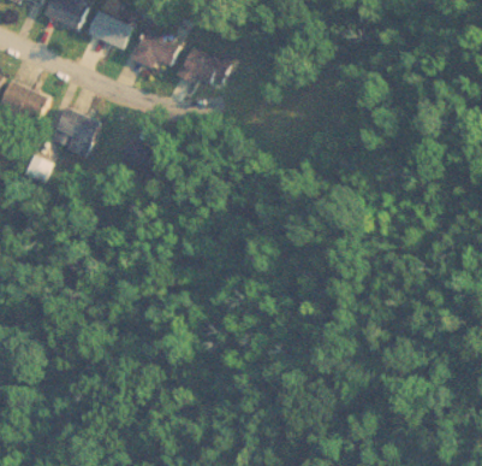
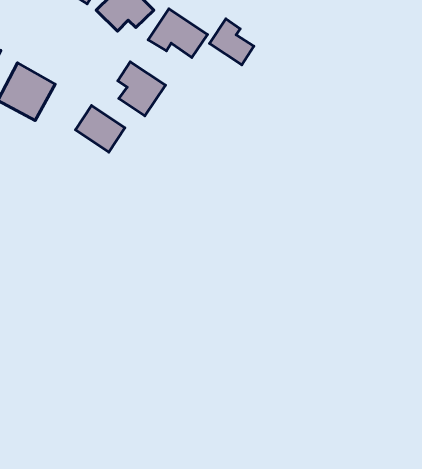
building: none -> [209,19,254,65]
building: none -> [118,62,165,116]

